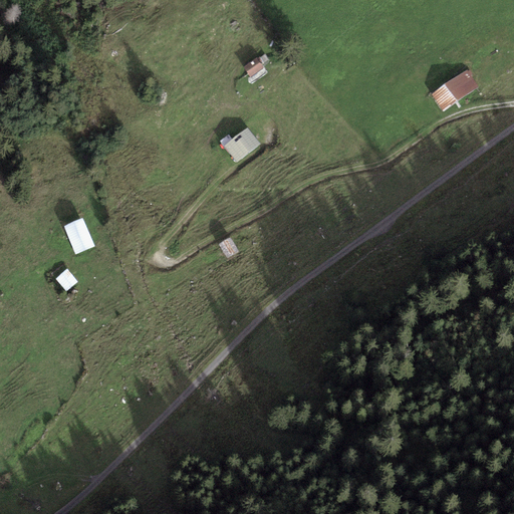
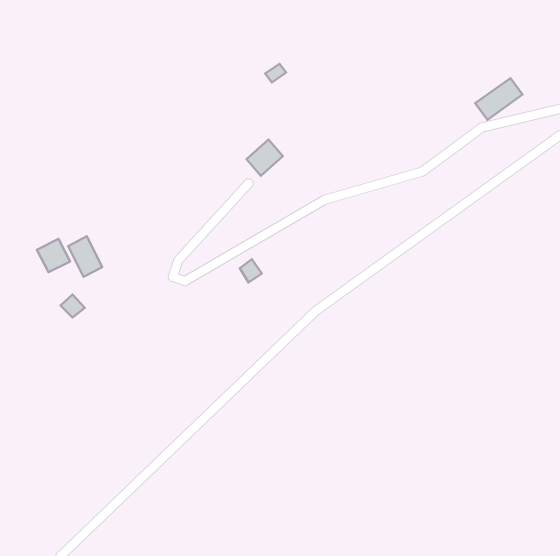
building: none -> [37,239,70,272]

